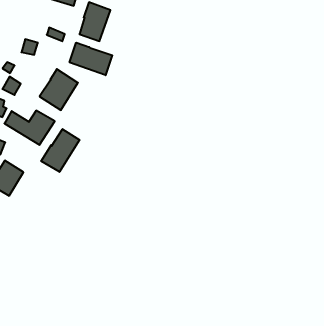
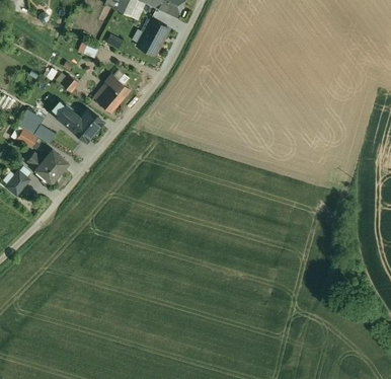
building: [70,43,112,75] -> none
building: [41,129,79,172] -> none

